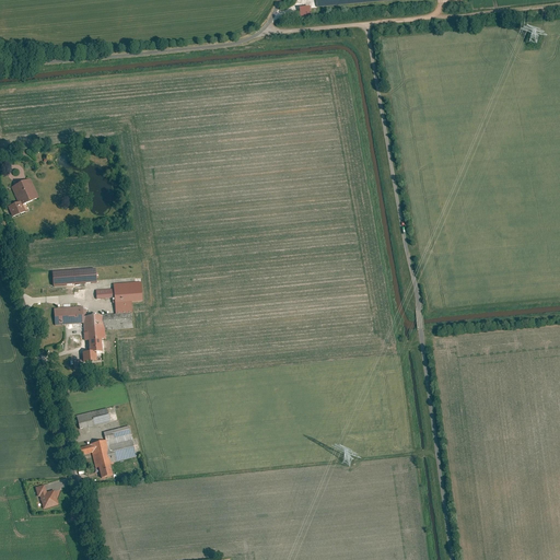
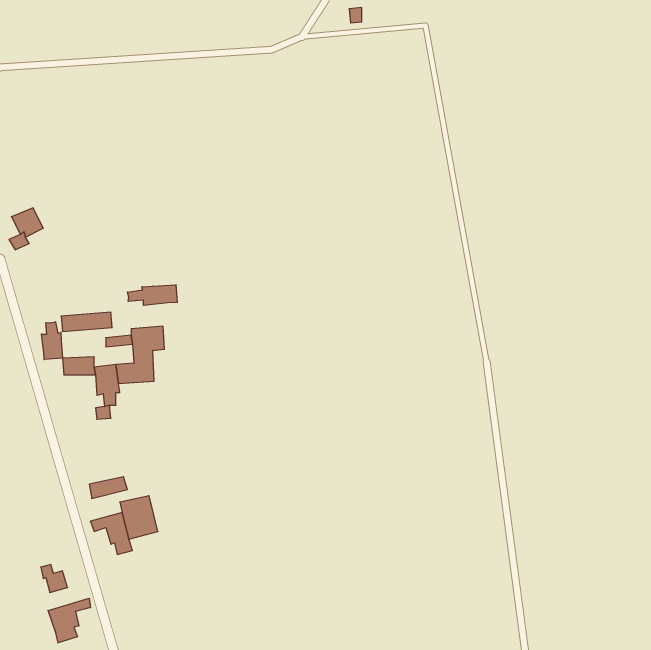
building: none -> [127,285,177,305]
building: none -> [41,322,62,360]
building: none -> [48,598,90,643]

